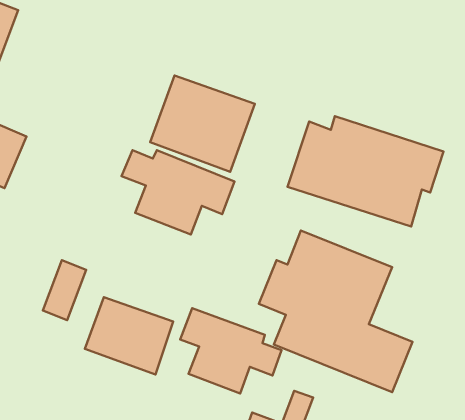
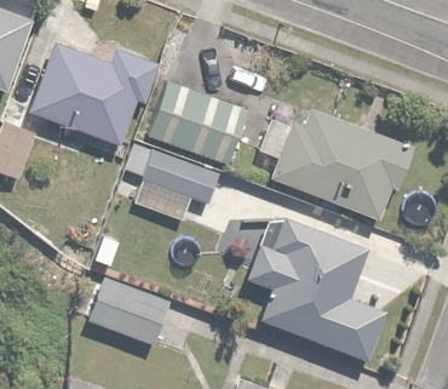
building: none -> [30,41,155,144]
building: [180,308,281,393] -> none

